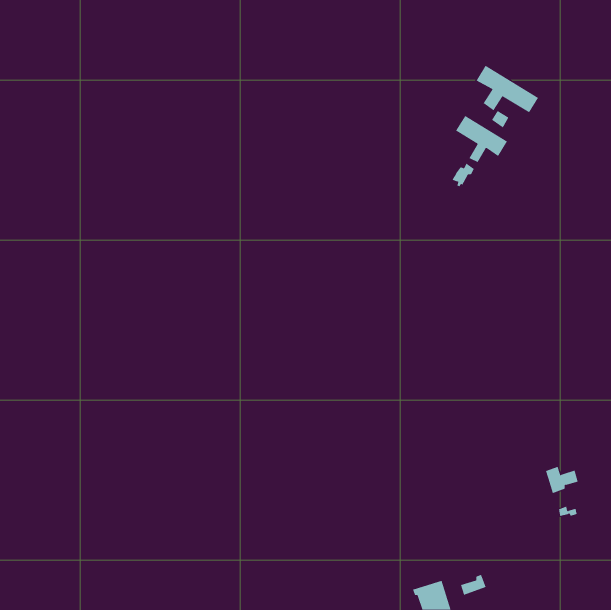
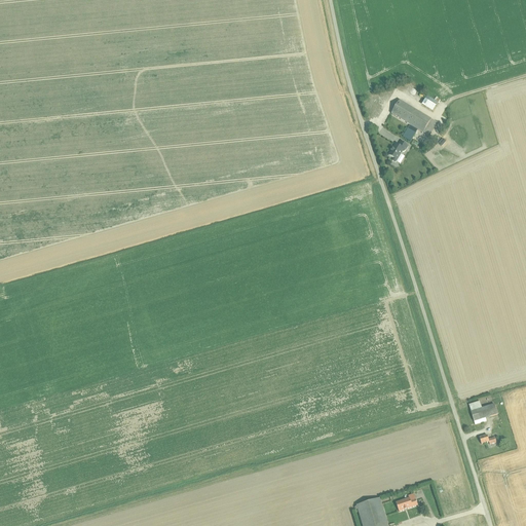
building: [476,65,539,113] -> none

